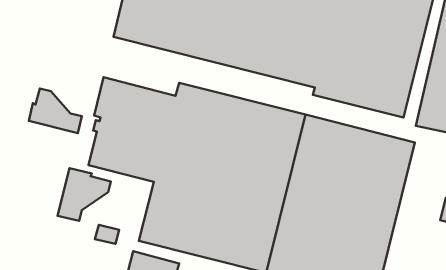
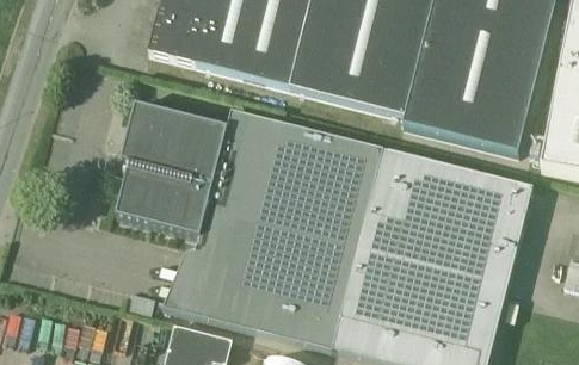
building: [29,89,82,133] -> none
building: [57,168,111,221] -> none

